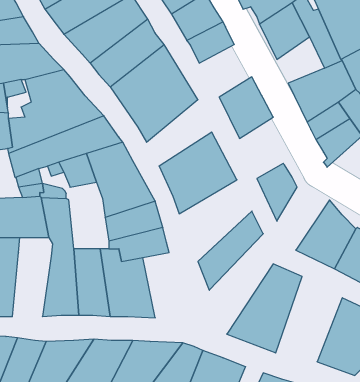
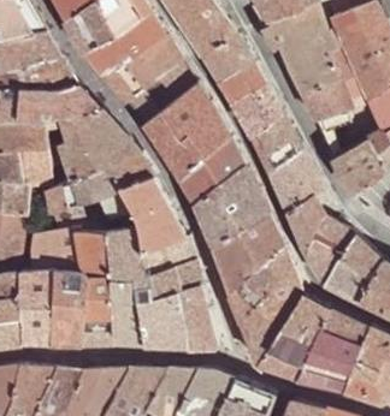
building: none -> [305,76,350,120]
building: none -> [230,83,280,133]
building: none -> [179,136,242,200]
building: none -> [268,153,323,212]
building: none -> [211,213,280,291]
building: none -> [305,218,355,280]
building: none -> [105,231,143,279]
building: none -> [240,265,301,361]
building: none -> [51,283,88,344]
building: none -> [176,283,217,346]
building: none -> [303,305,367,387]

